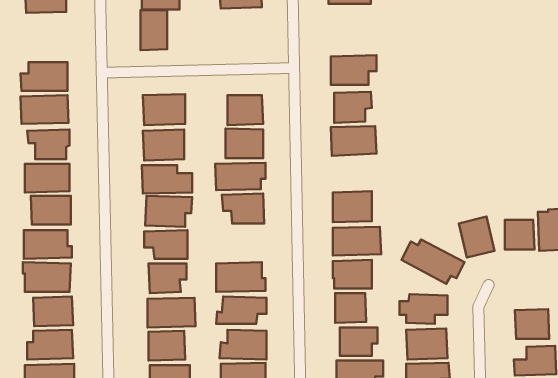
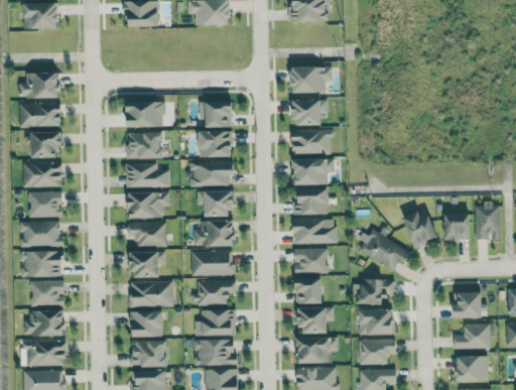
building: [141,10,167,50] -> none
building: none -> [292,158,334,184]
building: none -> [194,219,235,246]

